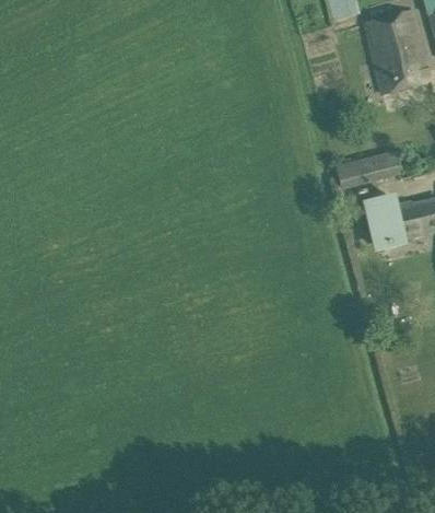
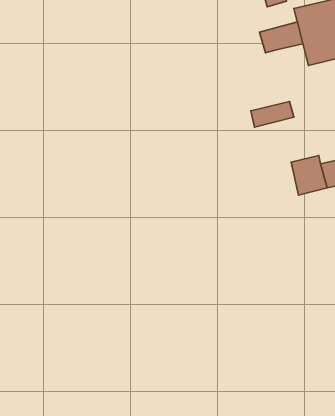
building: none -> [260,22,303,53]
building: [349,153,400,184] -> [251,101,294,127]

